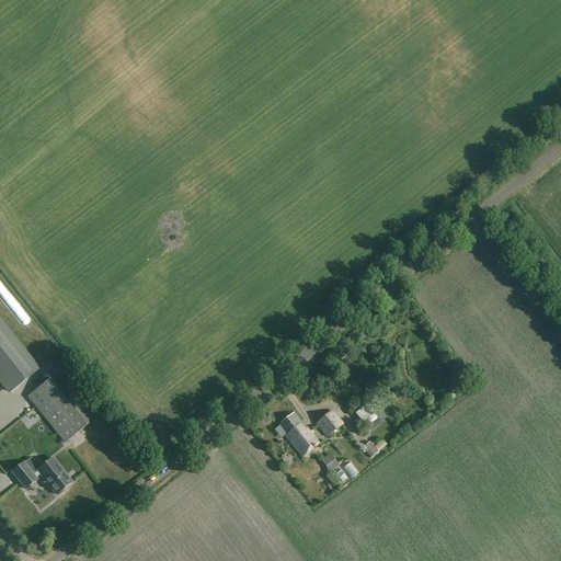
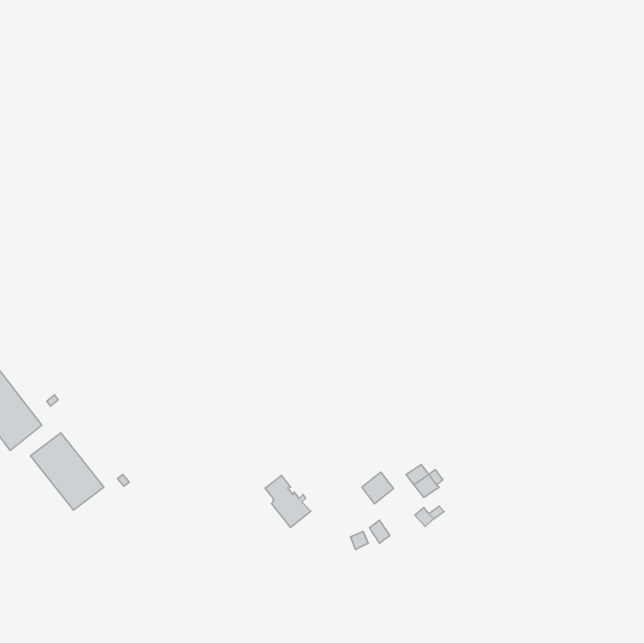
building: [278,410,318,455] -> [265,476,311,528]
building: [9,455,71,493] -> none

